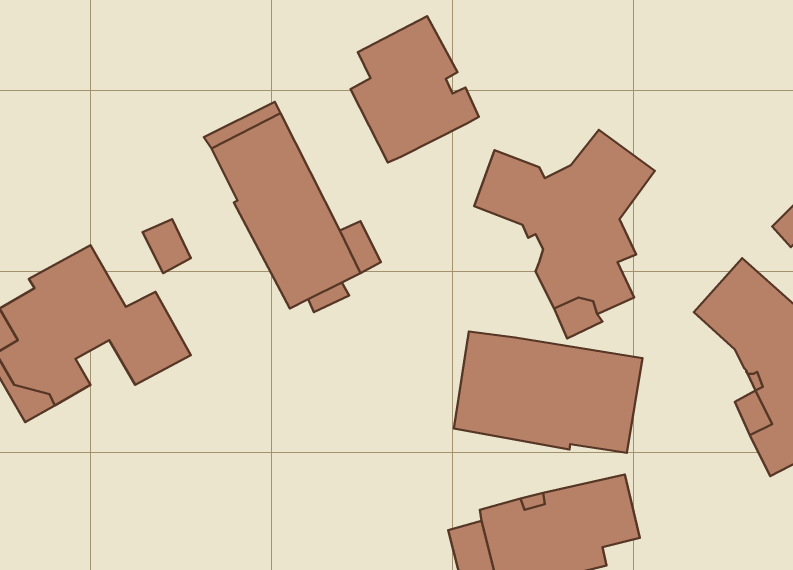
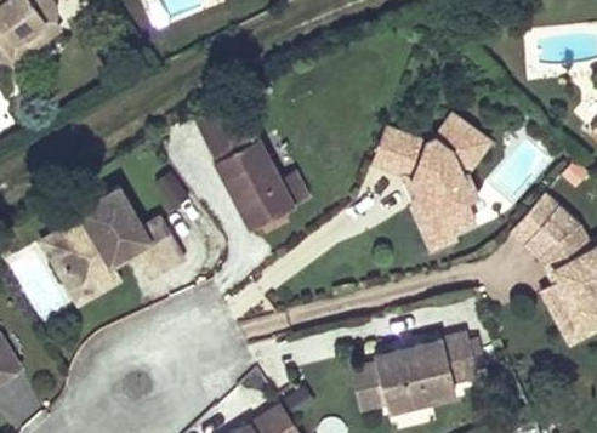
building: [351,16,479,163] -> none
building: [454,332,642,453] -> none

